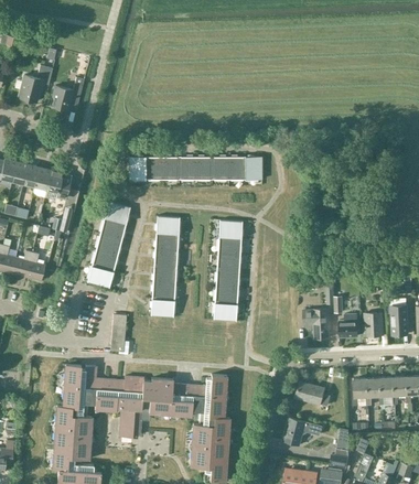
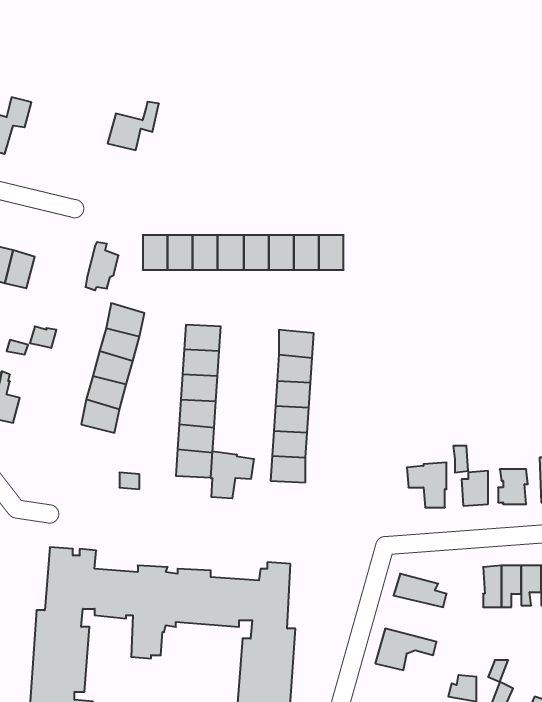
building: [51,78,85,110] -> [108,102,159,150]
building: [50,169,72,201] -> [85,242,119,290]
building: none -> [211,451,254,498]

